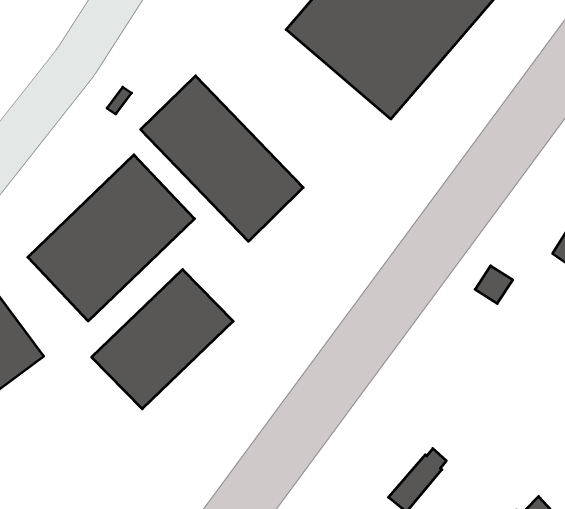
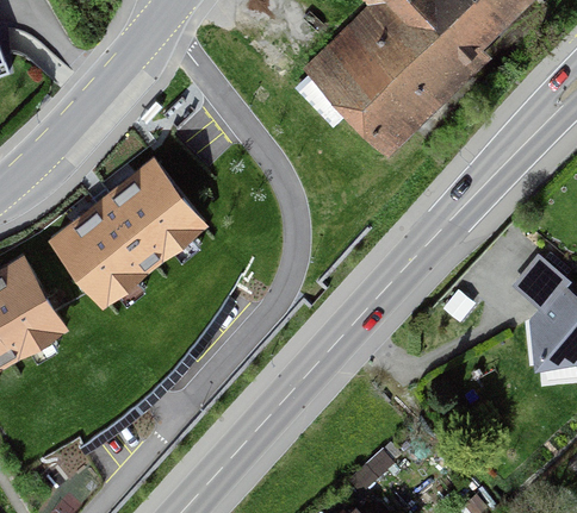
building: [141,76,303,241] -> none
building: [92,269,233,409] -> none

